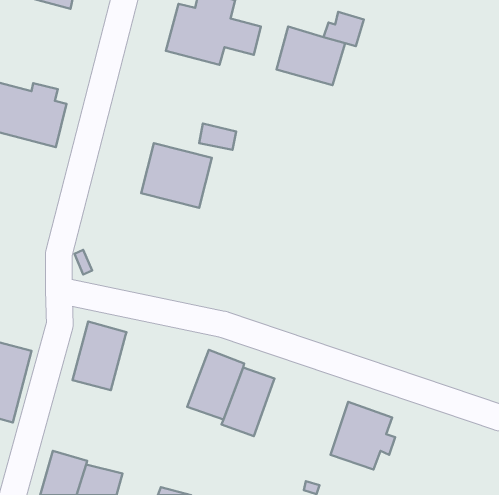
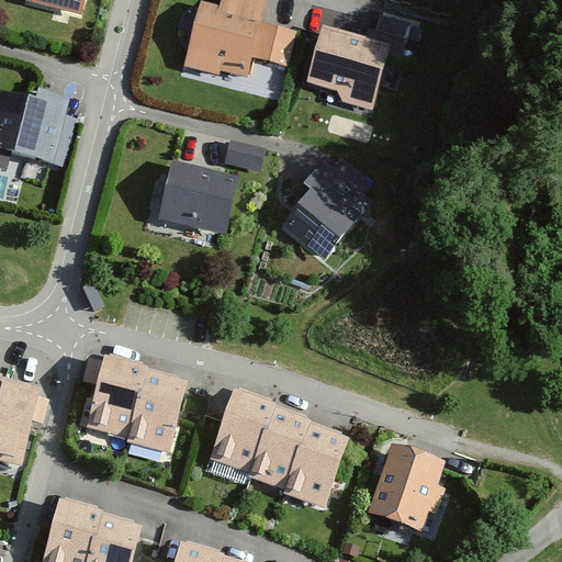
building: none -> [284,158,369,255]
building: none -> [123,375,182,453]
building: none -> [283,427,346,506]

